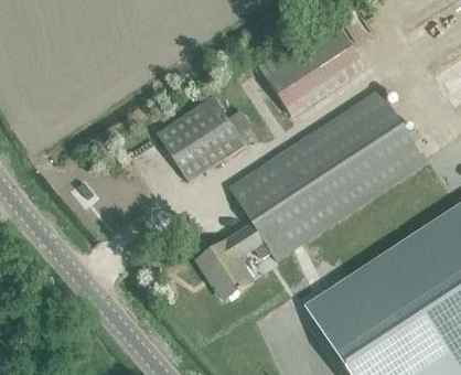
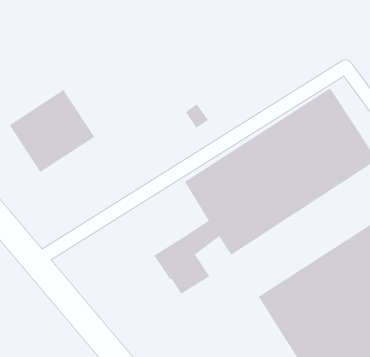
building: [260,18,367,115] -> none
building: [159,97,246,182] -> [10,89,95,173]

